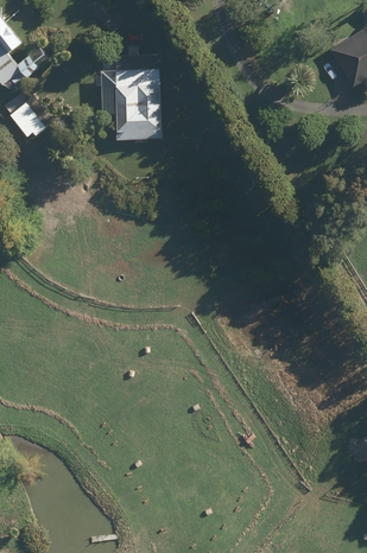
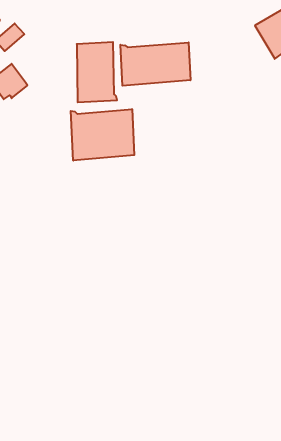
building: none -> [120,42,190,86]
building: none -> [71,109,134,161]

